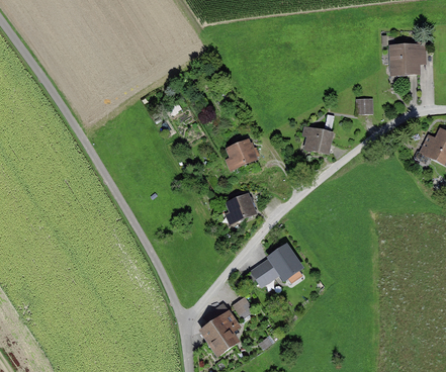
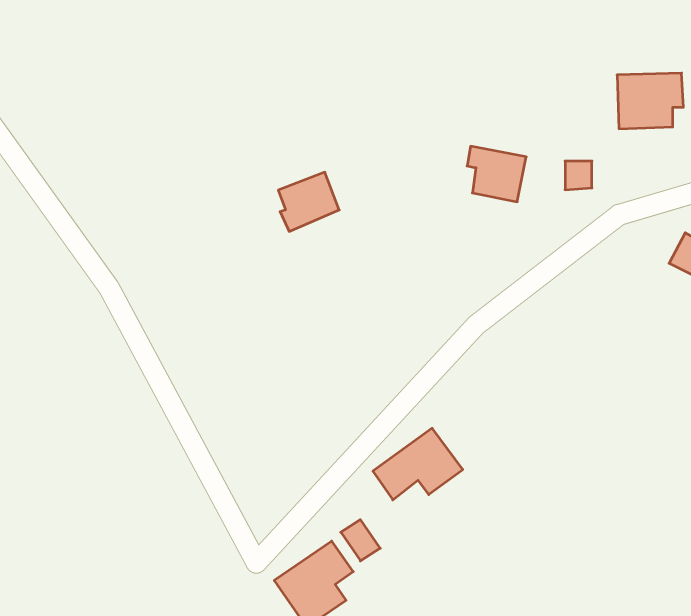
building: [300,124,334,156] -> [467,146,526,202]
building: [225,136,259,170] -> [278,172,339,231]
building: [225,192,257,222] -> none

